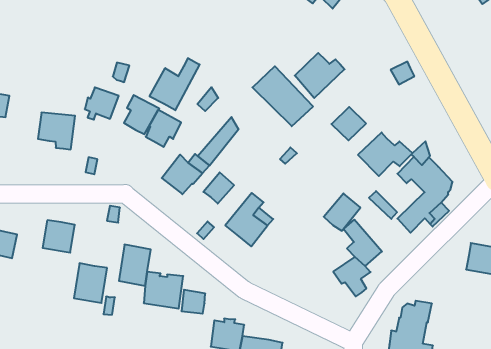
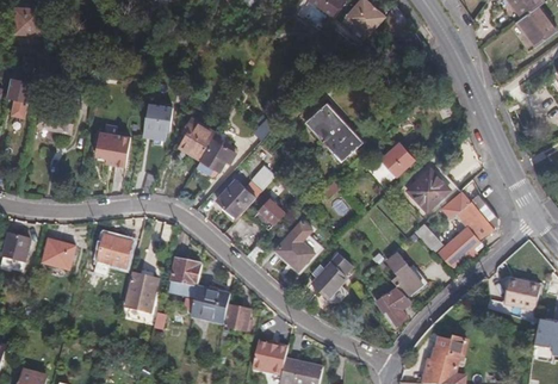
building: [295,53,345,98] -> none
building: [150,58,200,110] -> none
building: [324,193,360,231] -> [311,261,347,297]

